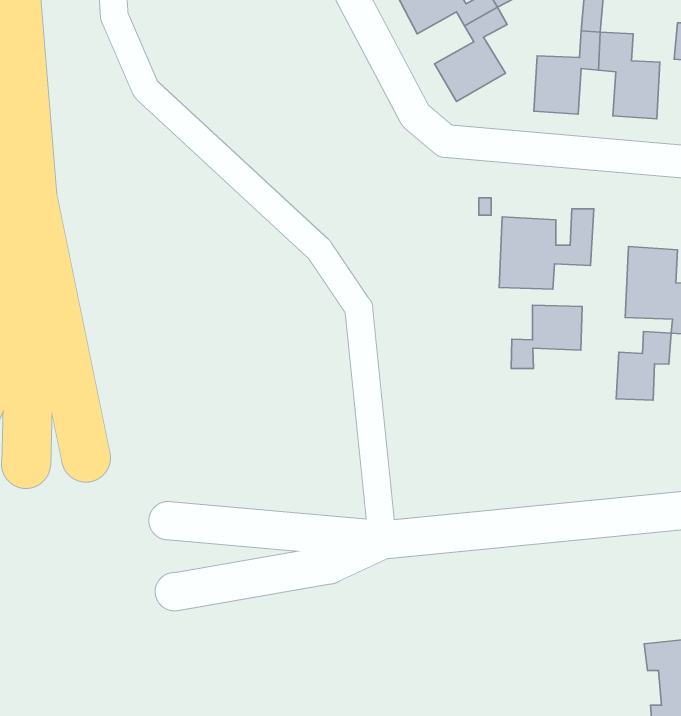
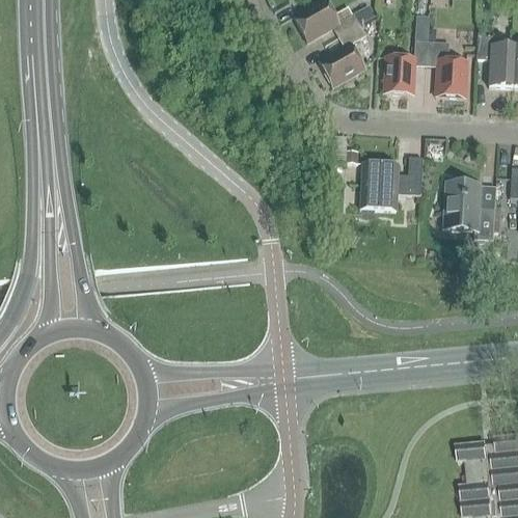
building: [511,305,582,369] -> none
building: [616,332,671,400] -> none

